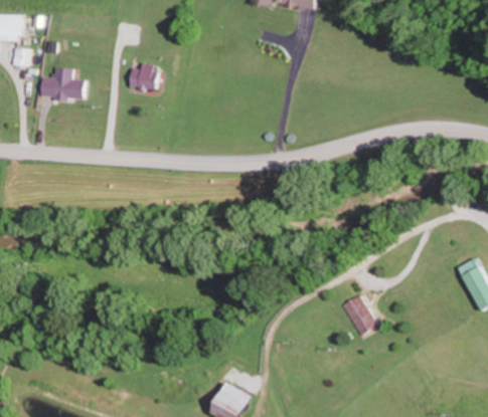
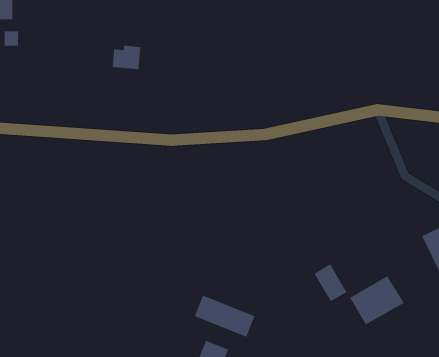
building: [39,74,84,98] -> none
building: none -> [349,275,405,326]
building: none -> [194,295,256,338]

